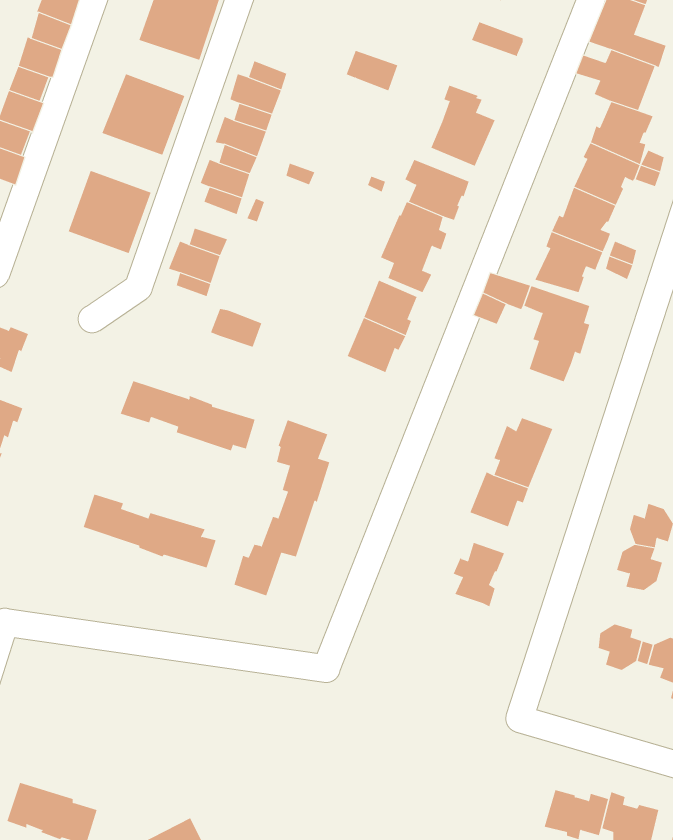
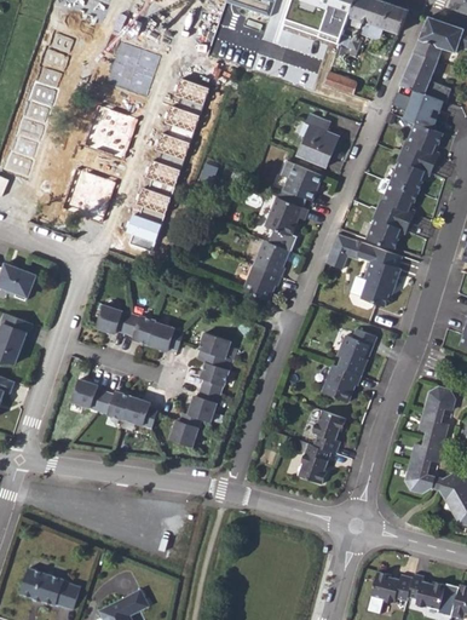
building: [346,50,398,91] -> [175,79,209,105]
building: [210,308,262,347] -> [137,188,171,213]
building: none -> [411,440,440,467]
building: none -> [300,443,330,483]

